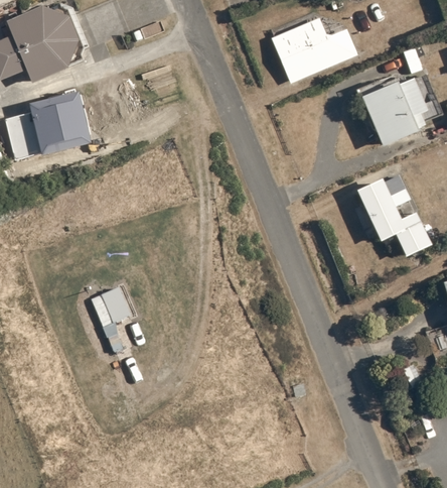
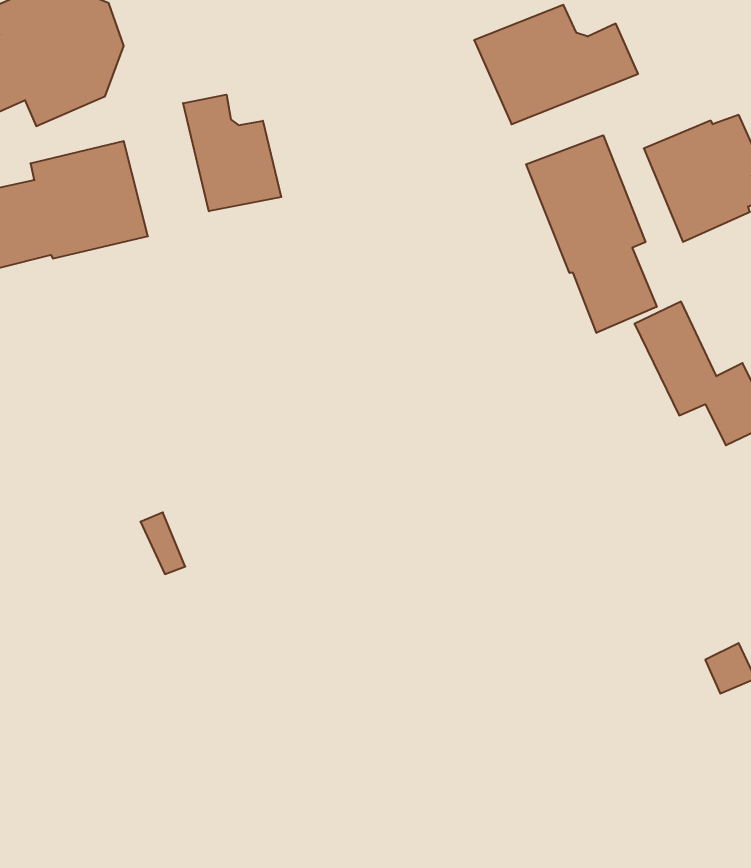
building: none -> [183,95,281,211]
building: none -> [526,135,657,333]

